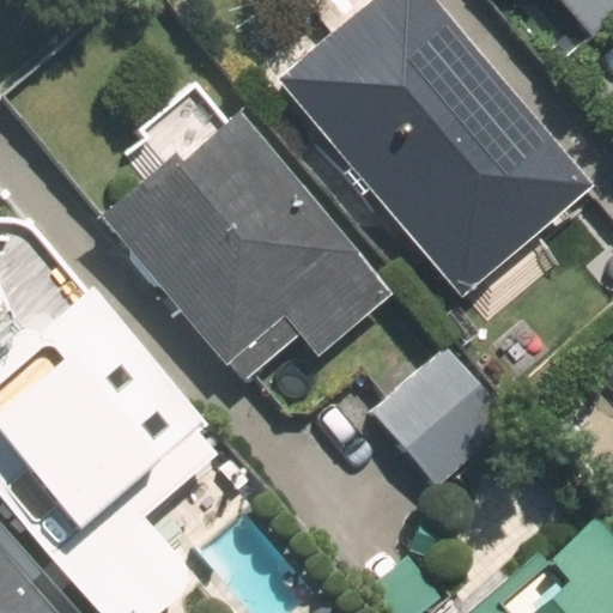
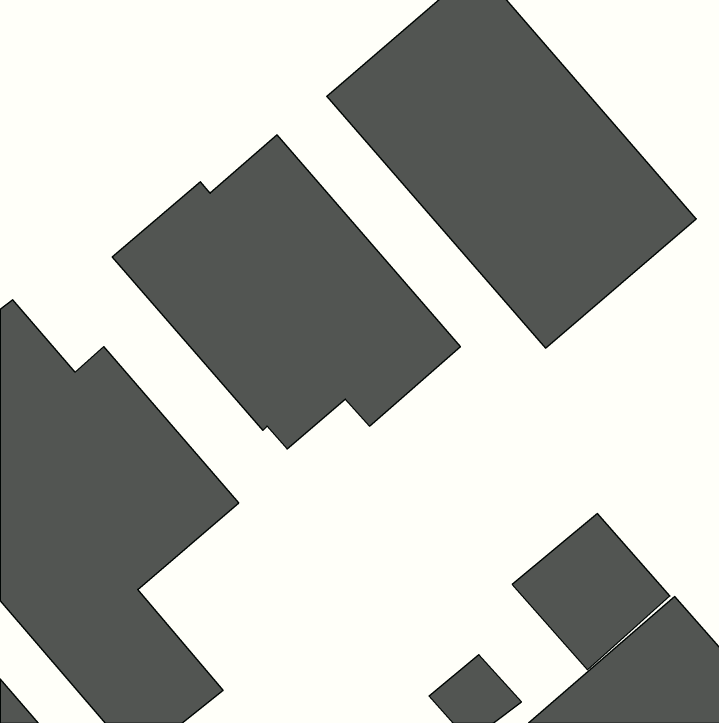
building: [374,351,506,482] -> [512,514,670,670]

